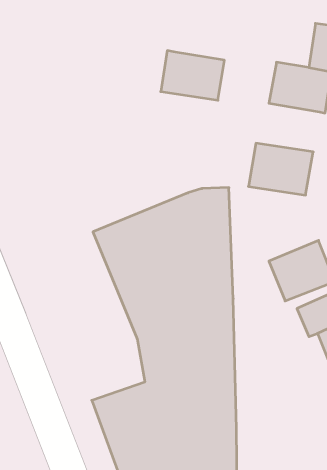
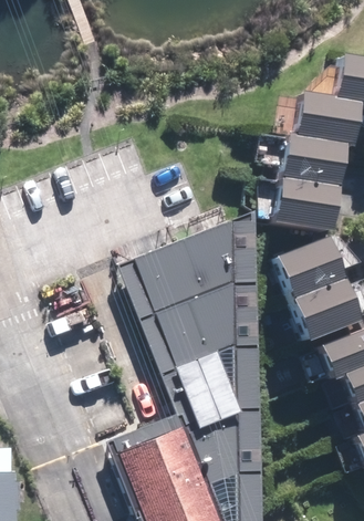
building: [161,51,224,100] -> [282,134,347,185]
building: none -> [279,235,346,296]

